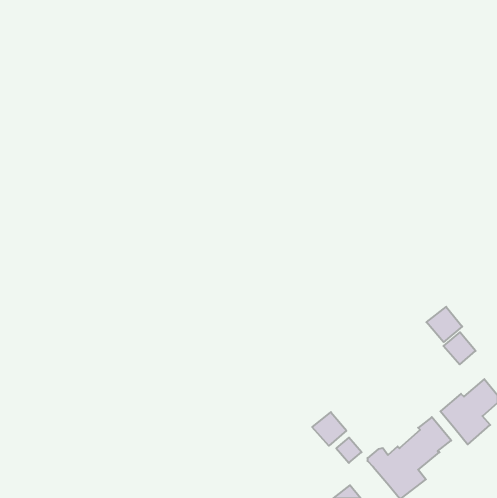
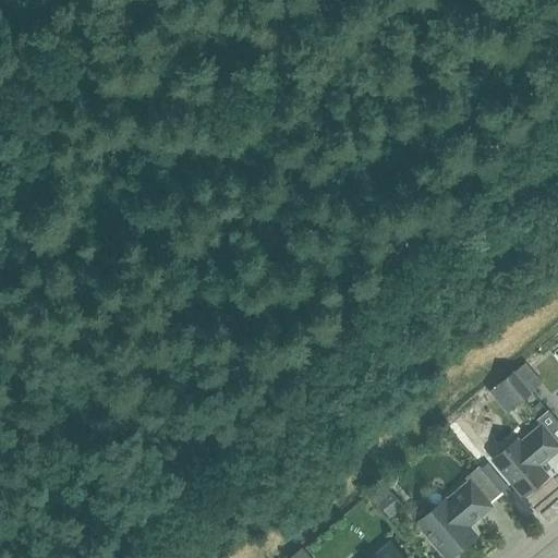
building: [426,307,462,342] -> none
building: [312,412,346,446] -> none

